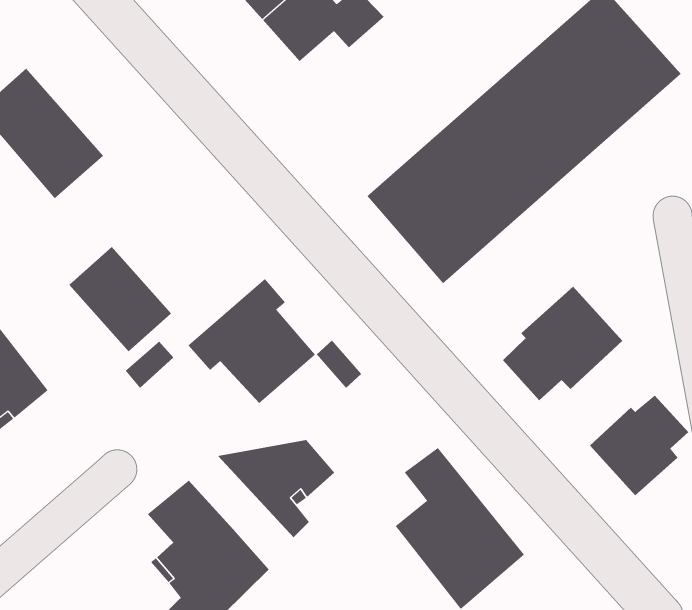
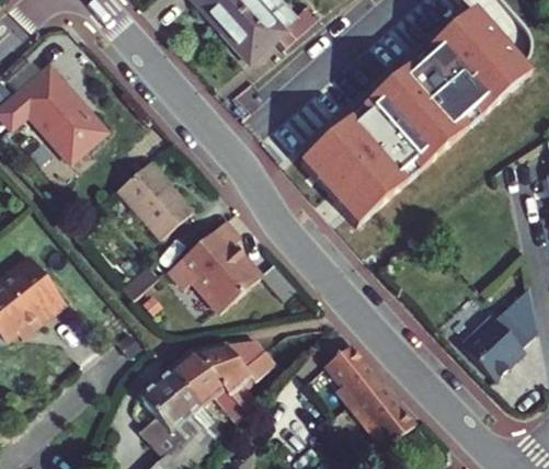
building: [69,246,172,352] -> [117,161,193,239]
building: [502,286,623,401] -> none
building: none -> [169,351,247,423]

